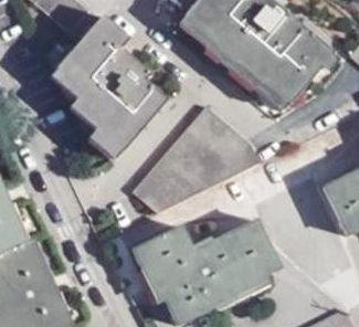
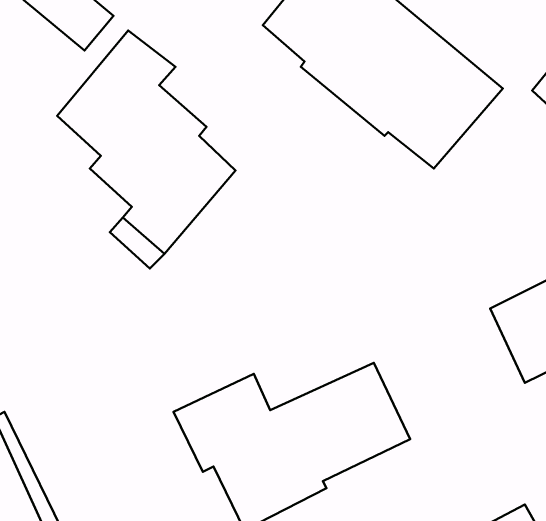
building: [137,107,260,211] -> none

